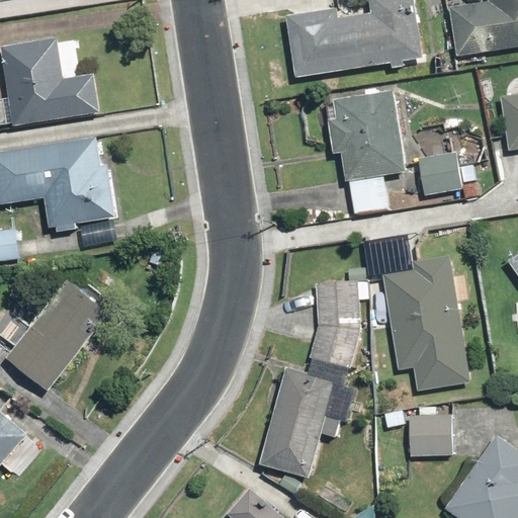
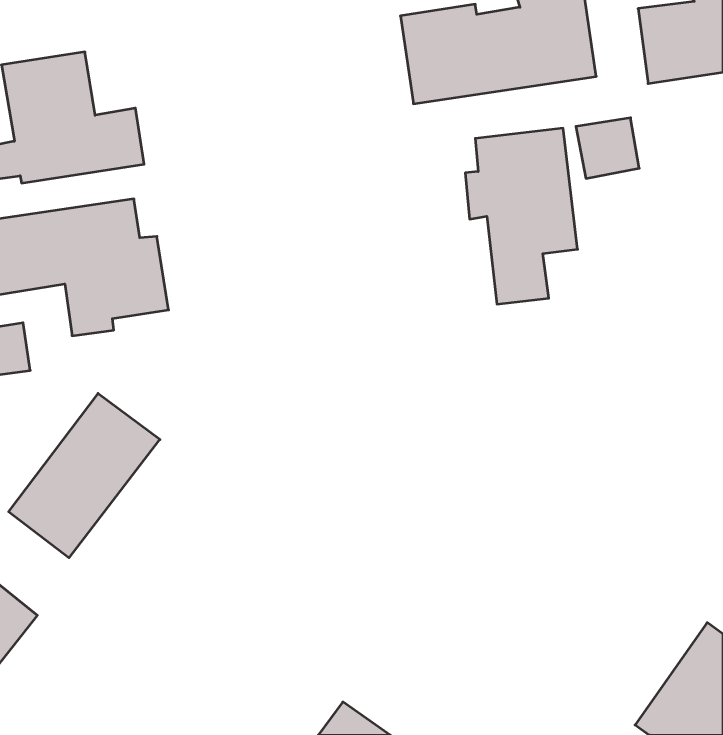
building: [412,148,456,190] -> [576,118,639,178]
building: [377,249,465,384] -> none
building: [262,281,359,479] -> none
building: [407,414,454,458] -> none

